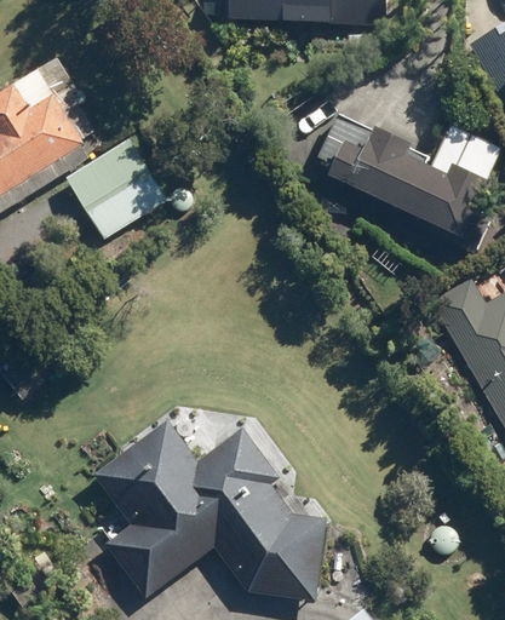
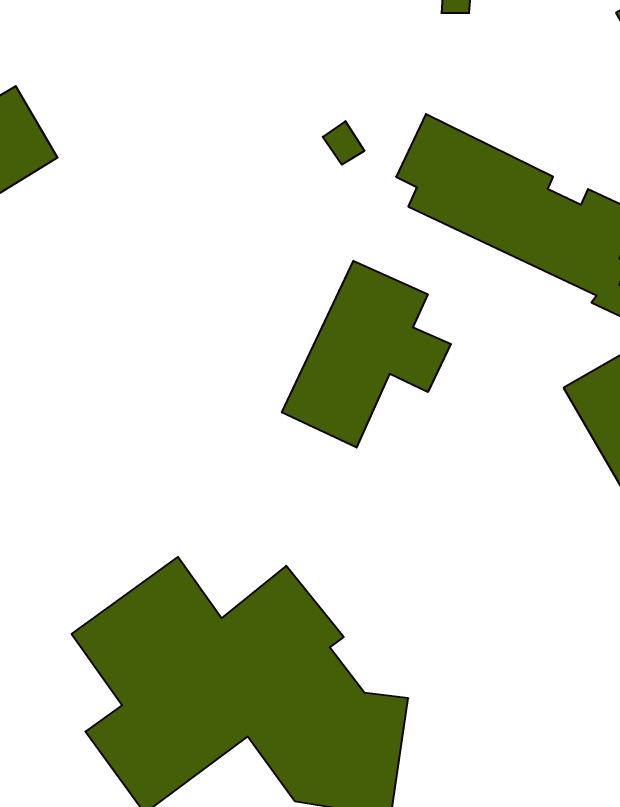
building: [67,137,167,236] -> none
building: none -> [282,261,451,448]

